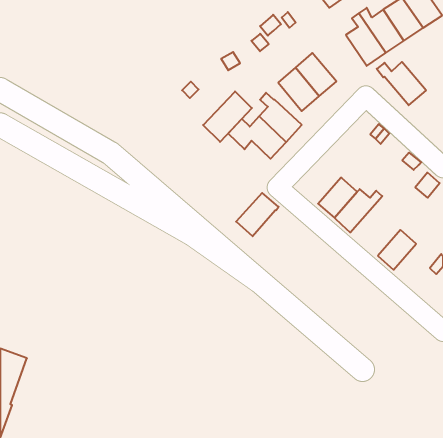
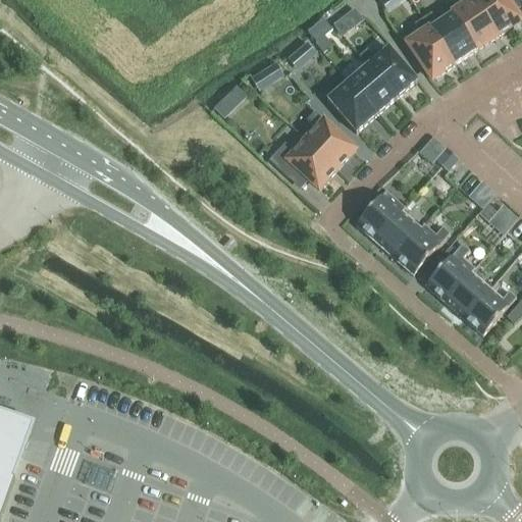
building: [377,62,426,105] -> [358,45,416,96]
building: [203,91,252,142] -> none
building: [236,193,279,236] -> [355,189,405,240]
building: none -> [425,242,474,301]
building: none -> [463,286,516,333]

